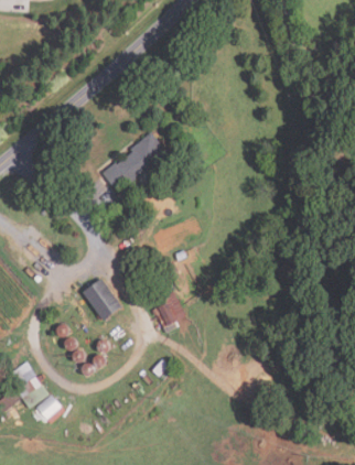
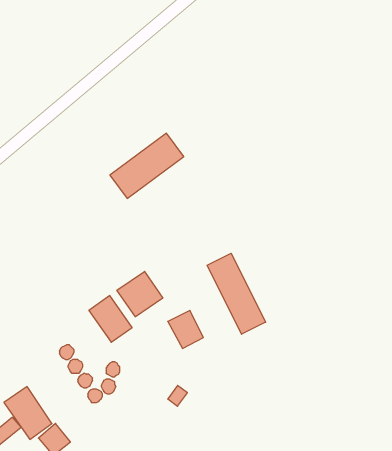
building: none -> [207,253,266,334]
building: none -> [117,271,163,317]

